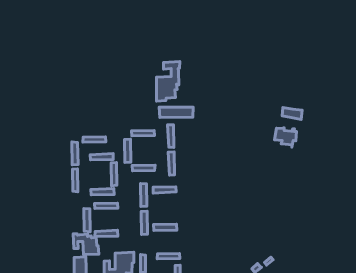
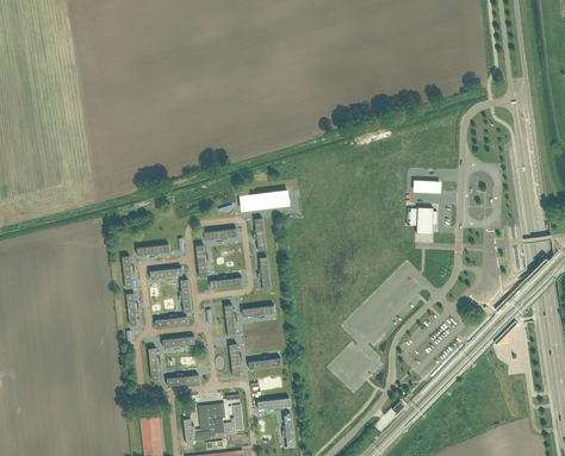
building: [156,61,180,101] -> none
building: [73,234,99,255] -> none

